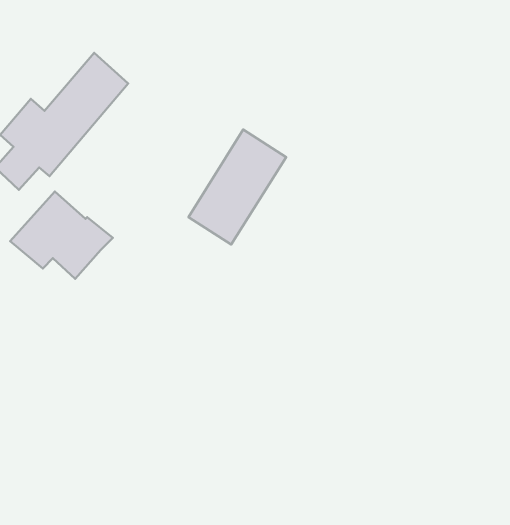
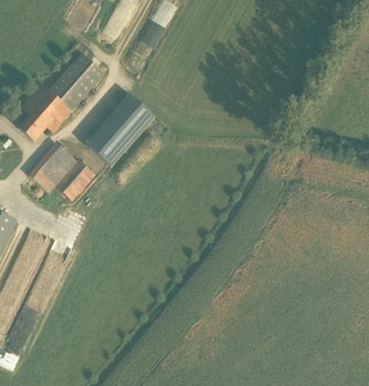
building: [188,130,286,244] -> [91,91,154,165]

